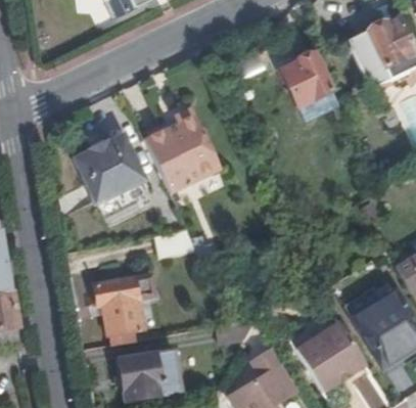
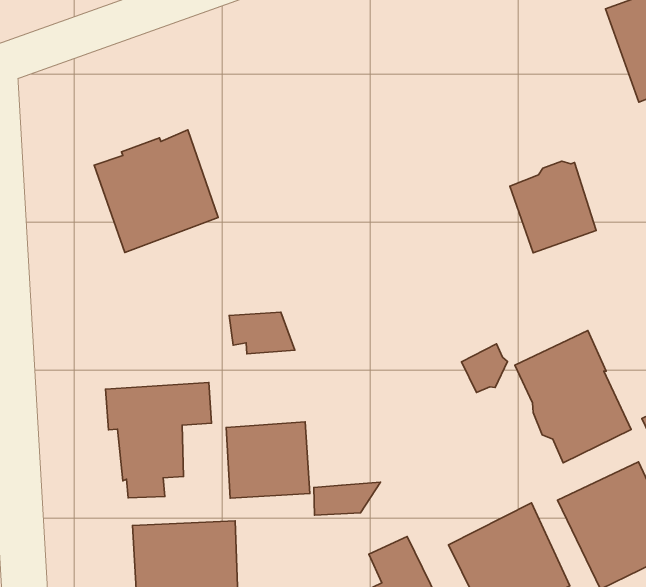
building: [281,53,332,106] -> [510,161,596,253]
building: [143,109,221,194] -> none
building: none -> [515,331,631,463]
building: none -> [226,422,310,498]

